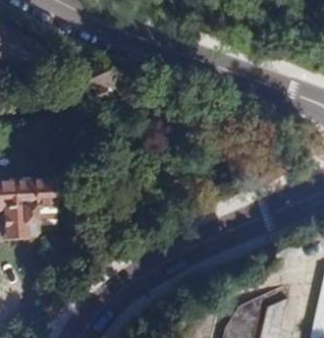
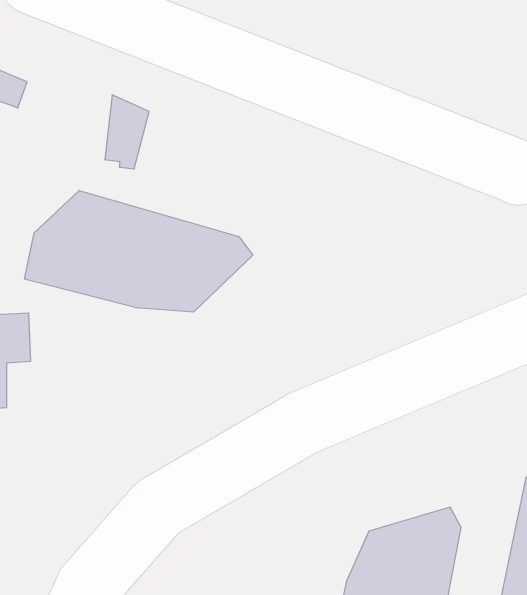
building: none -> [25,190,253,312]

